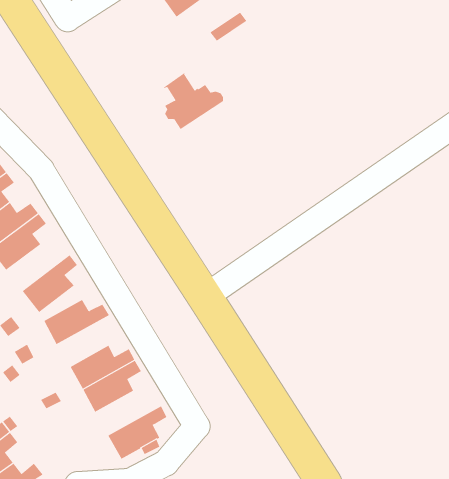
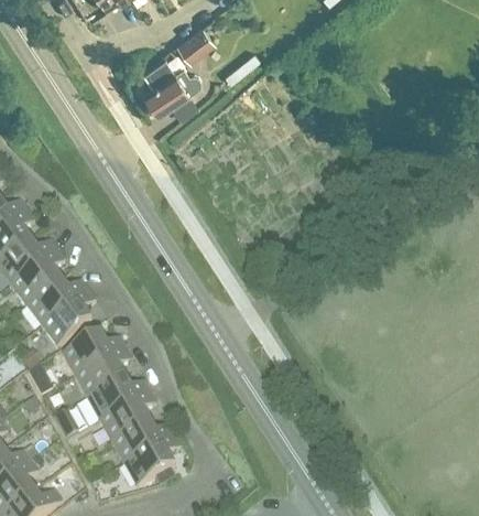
building: [163,72,224,130] -> [143,54,202,110]
building: none -> [26,281,88,326]
building: none -> [75,350,133,399]
building: none -> [112,422,176,465]

